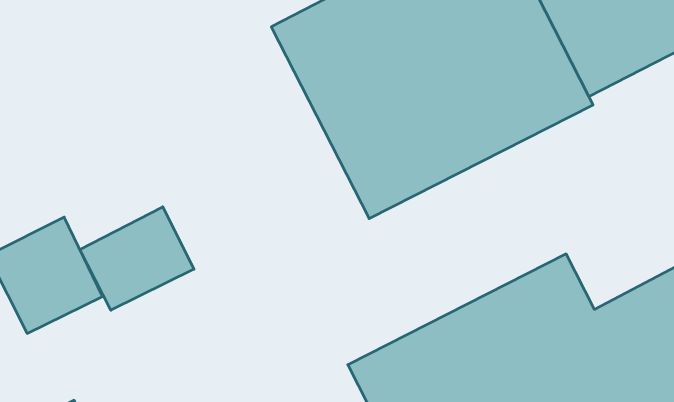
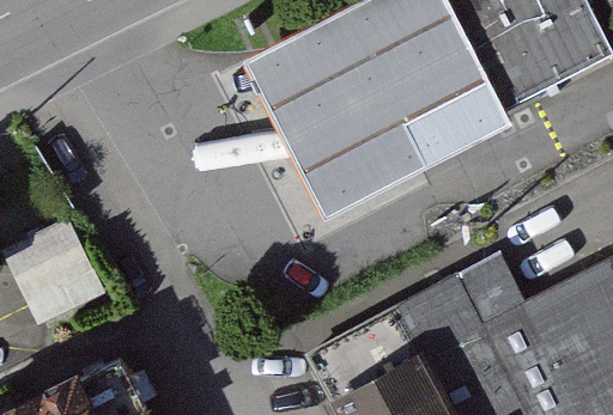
building: [80,207,194,310] -> none

